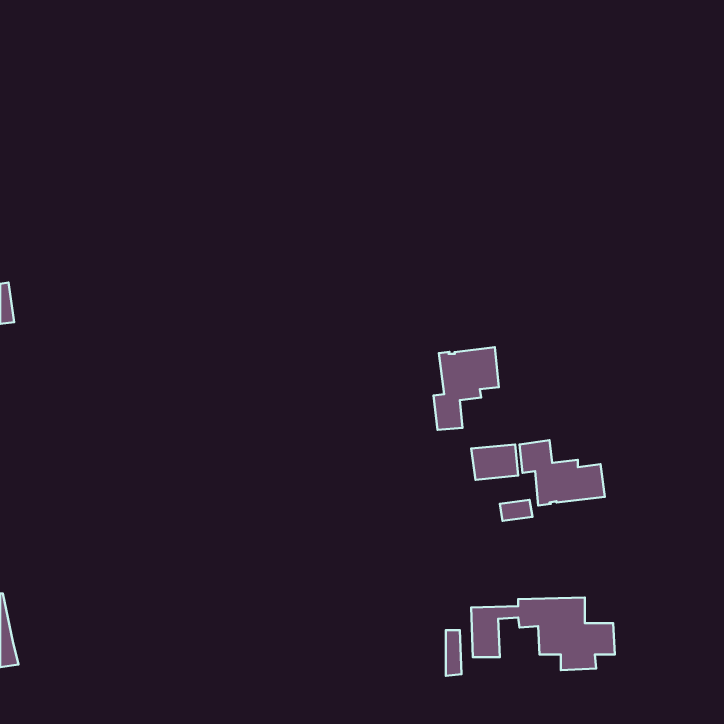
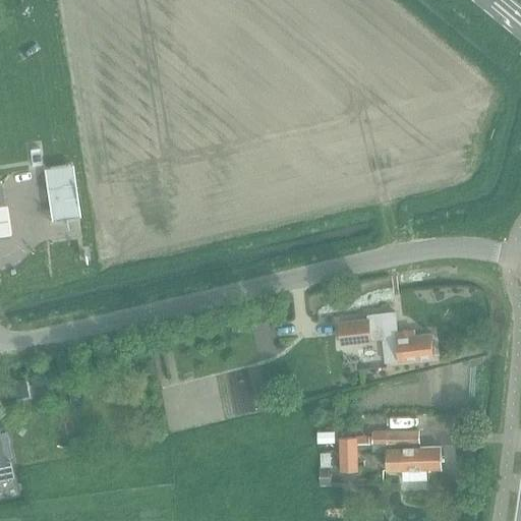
building: none -> [43,164,78,221]
building: [433,347,499,430] -> none

